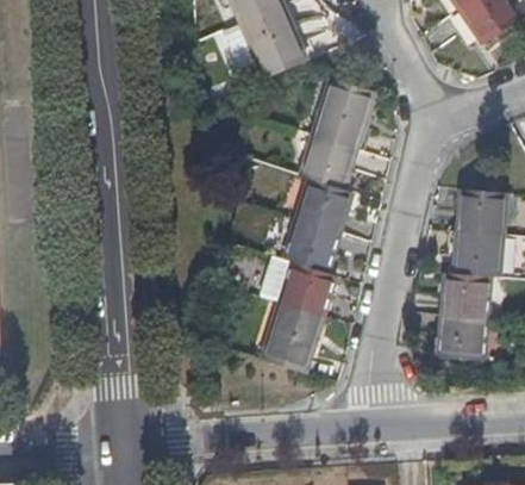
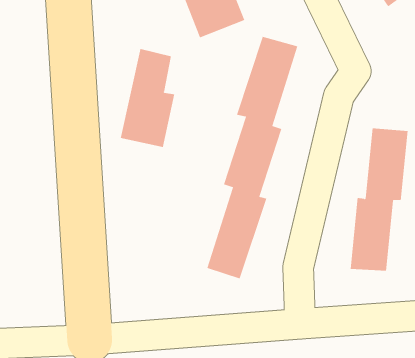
building: none -> [120,48,175,148]

